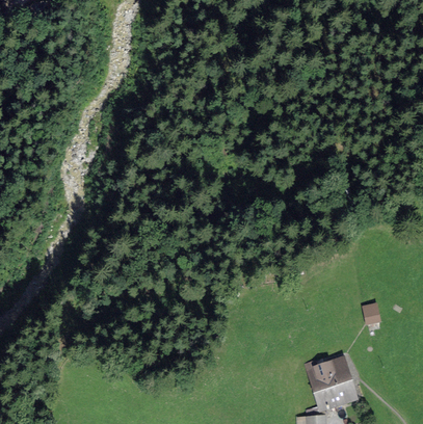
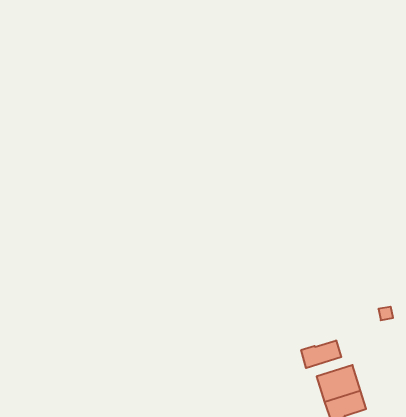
building: none -> [301,340,341,368]

